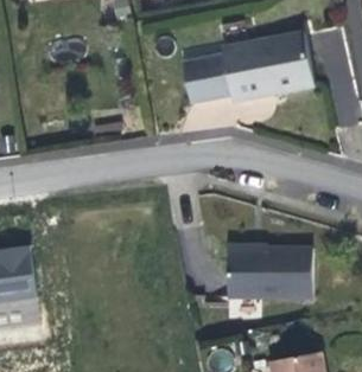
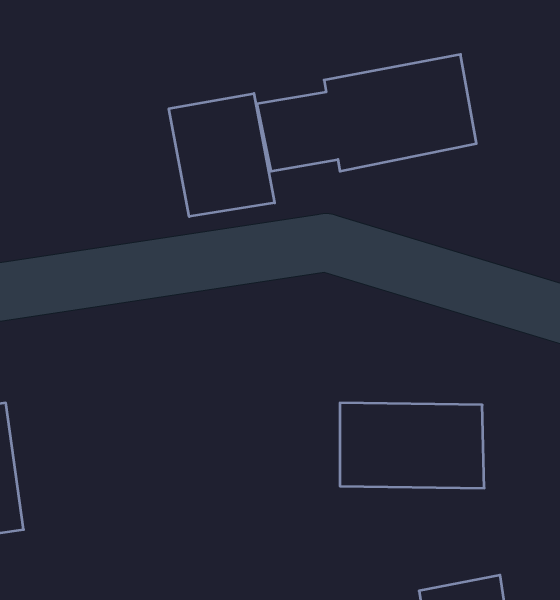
building: none -> [169,93,275,217]

